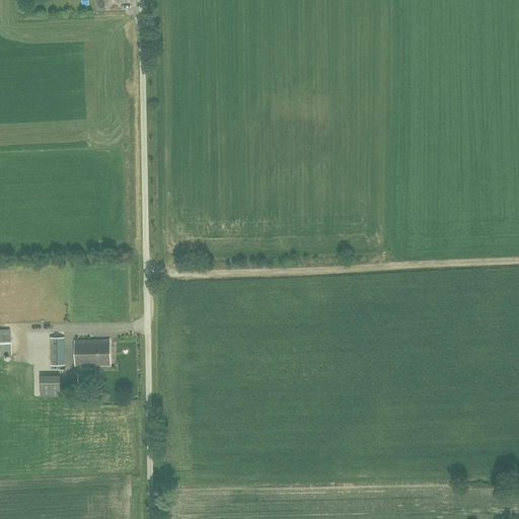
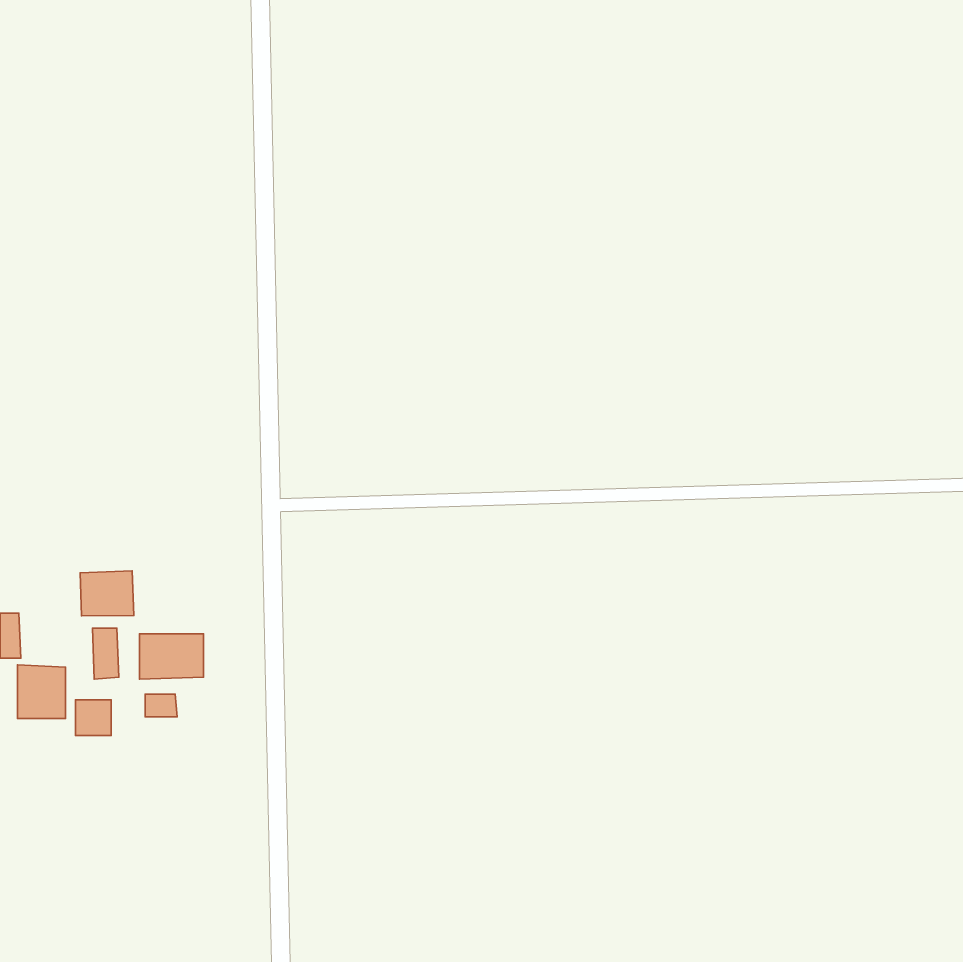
building: none -> [80,571,134,616]
building: none -> [17,665,65,719]

